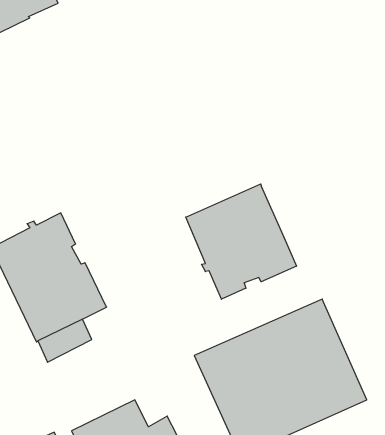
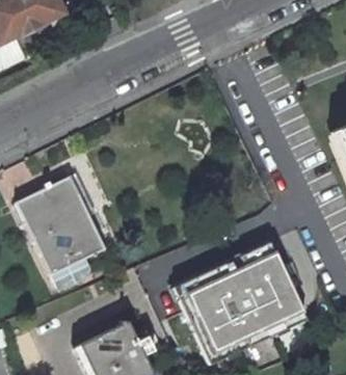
building: [186,184,296,299] -> none

